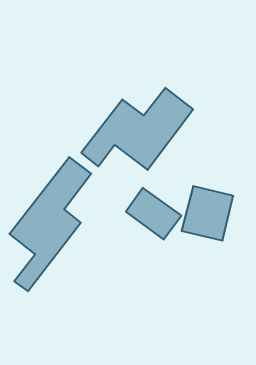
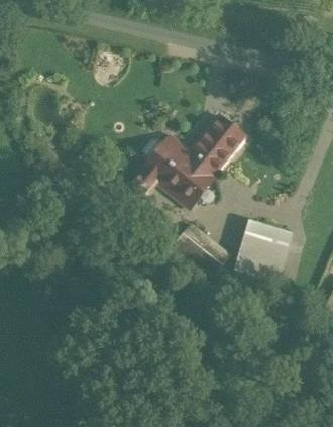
building: [9,157,91,291] -> none

